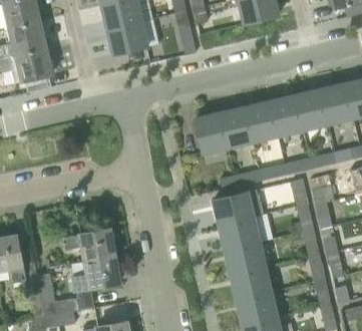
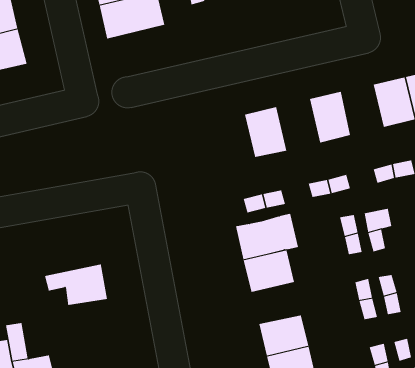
building: [295,90,327,129] -> none
building: [245,101,278,141] -> none
building: [194,113,228,152] -> none
building: [225,243,264,275] -> none
building: [73,256,119,298] -> none

